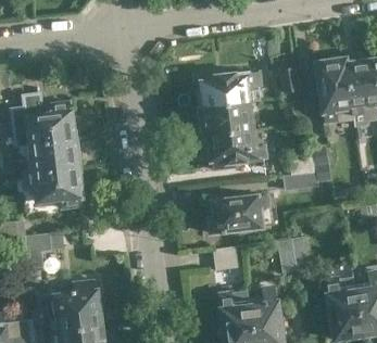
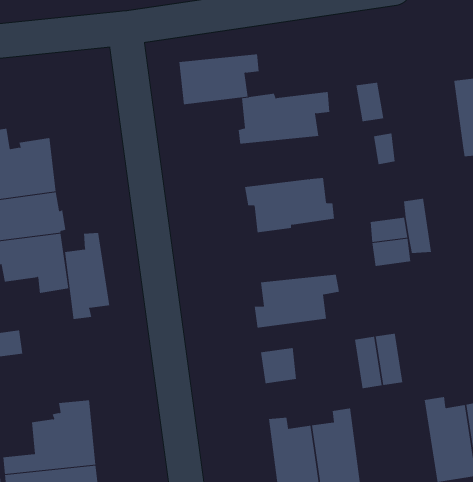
building: [317,60,352,125] -> none
building: [200,102,255,137] -> [178,54,260,105]
building: none -> [65,232,110,320]

